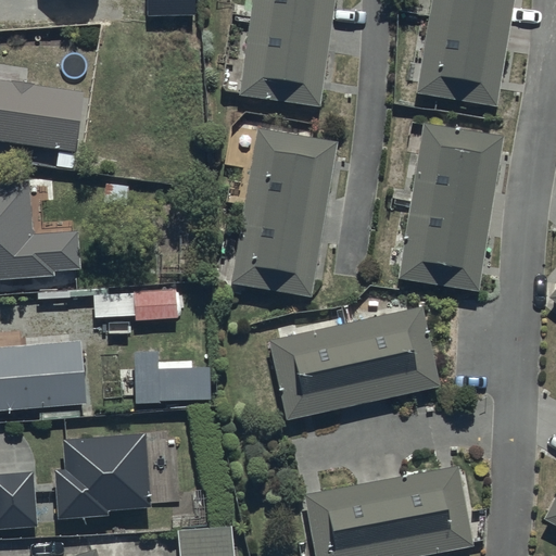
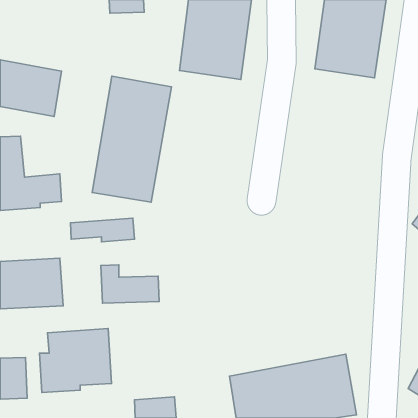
building: [399,124,501,290] -> none
building: [231,128,337,295] -> [92,76,172,202]
building: [267,305,440,419] -> none

